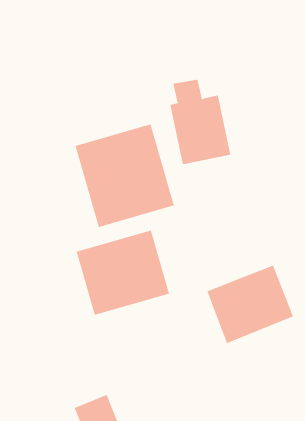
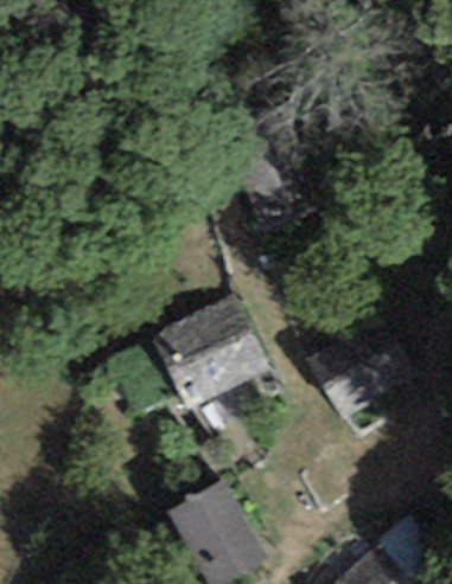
building: [75,124,174,228] -> none

